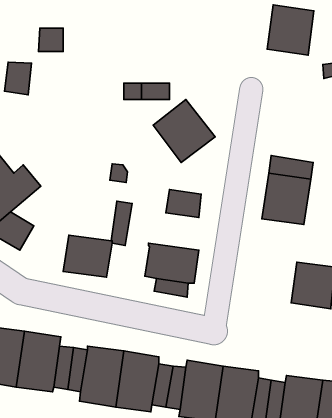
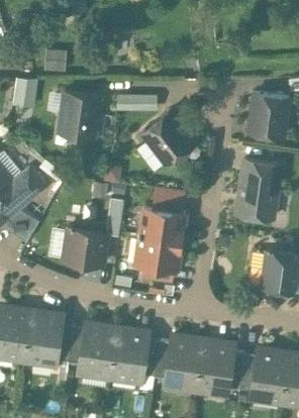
building: [267,5,314,55] -> [247,94,288,137]
building: none -> [58,92,99,136]
building: none -> [137,208,185,241]

